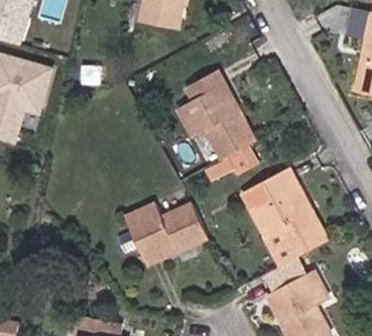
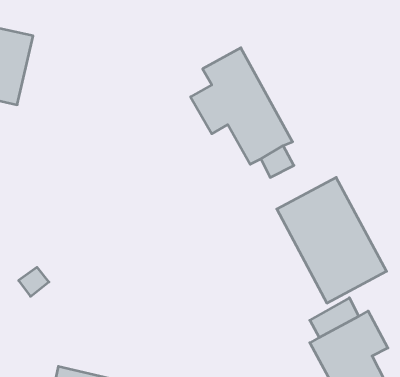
building: [121,201,207,268] -> none

